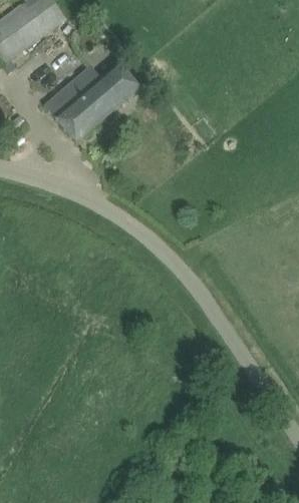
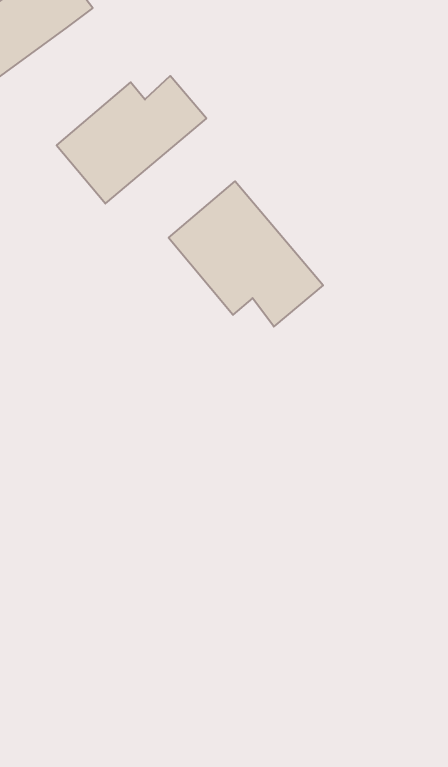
building: none -> [169,181,323,327]

